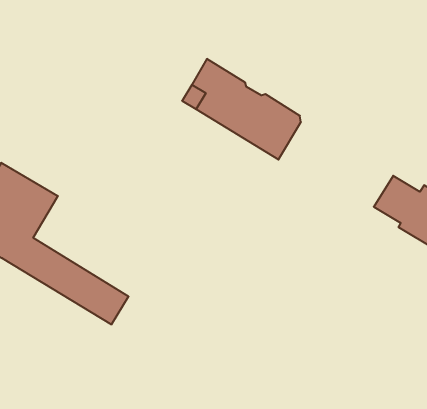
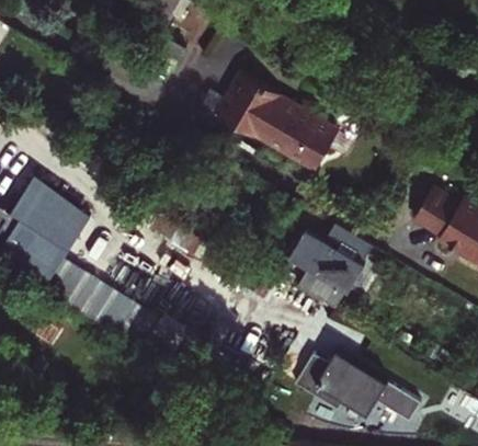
building: none -> [280,224,371,310]
building: none -> [291,351,417,422]

